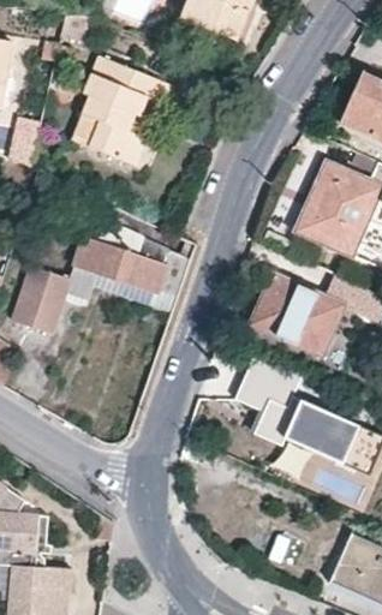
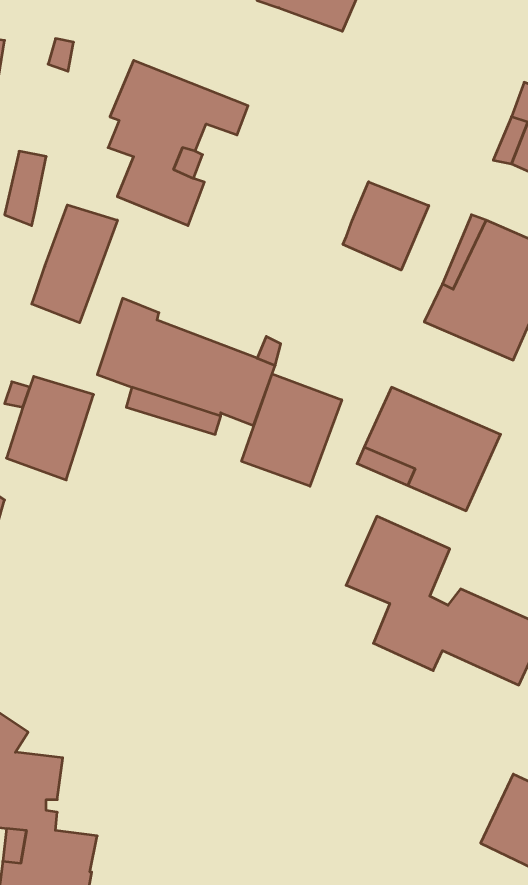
building: none -> [343,182,429,270]
building: none -> [32,205,117,323]
building: none -> [242,374,342,486]

